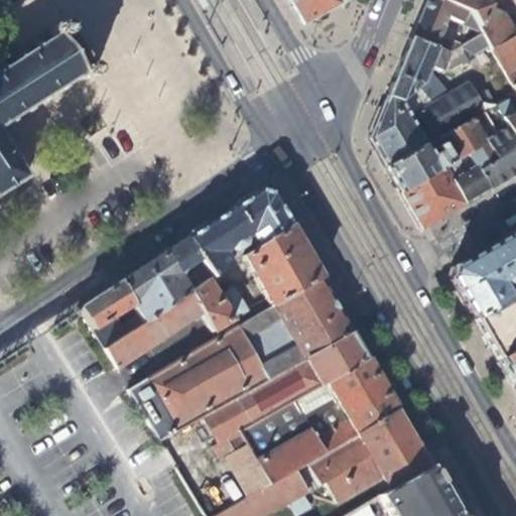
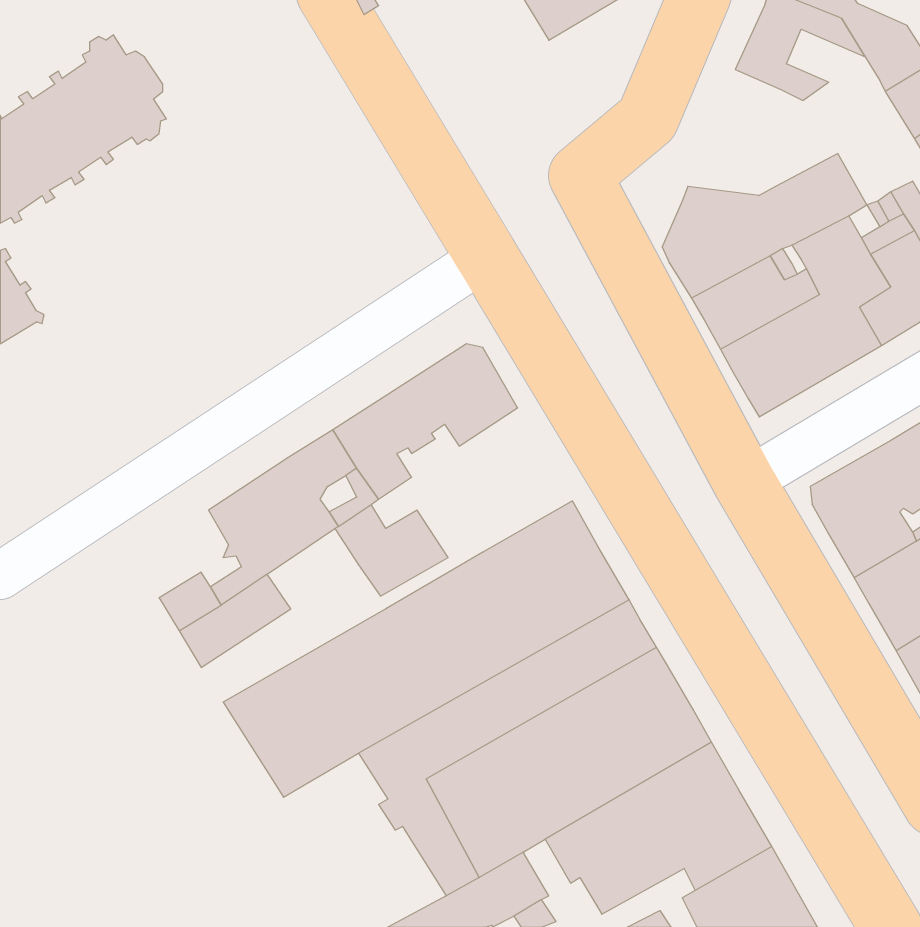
building: [387,31,493,108] -> none
building: [248,225,324,304] -> none
building: [83,281,134,330] -> none
building: [155,291,206,336] -> none

